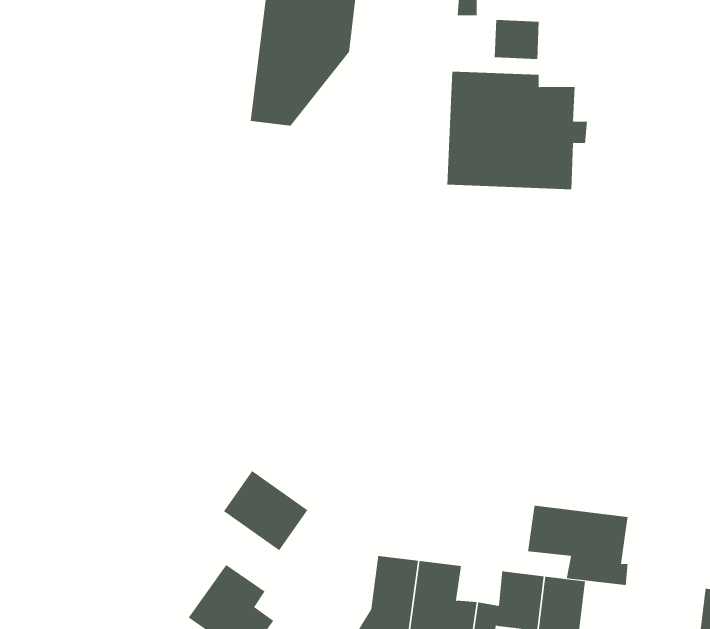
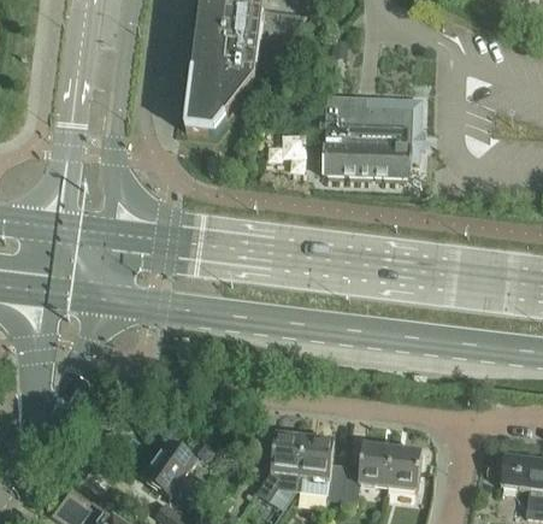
building: [494,19,539,60] -> none
building: [223,470,308,551] -> none
building: [528,505,628,586] -> none

